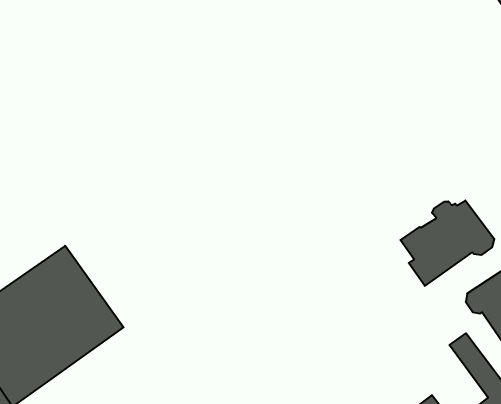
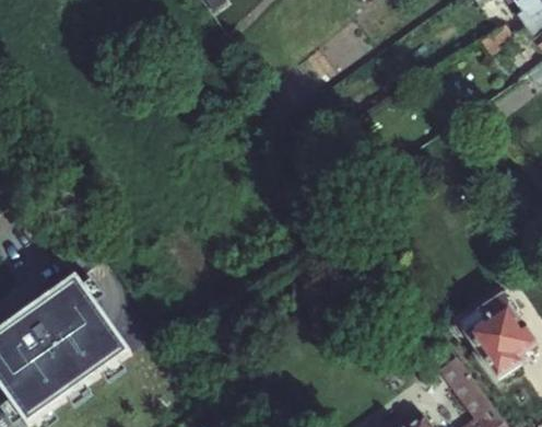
building: [400,200,494,286] -> none

